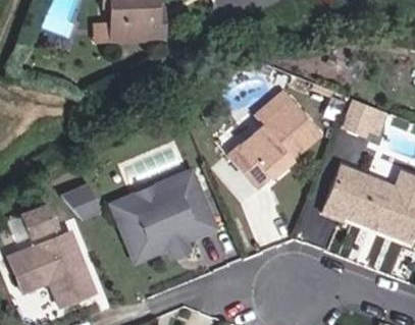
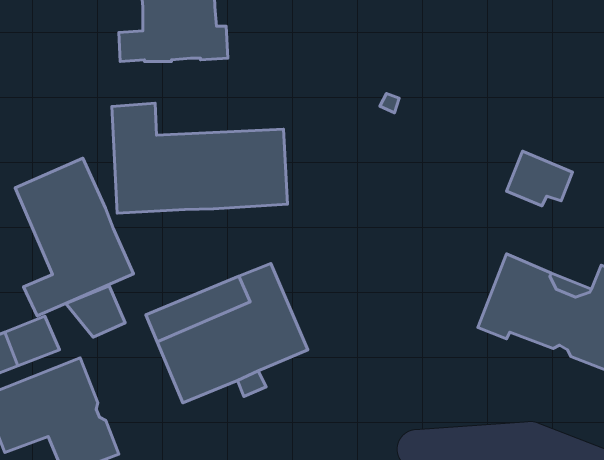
building: none -> [112,103,287,213]
building: [227,91,320,187] -> none
building: none -> [15,158,134,316]

